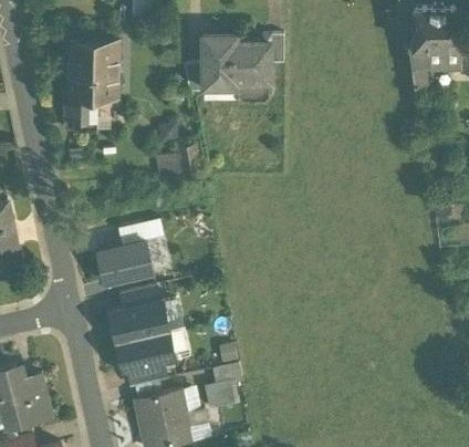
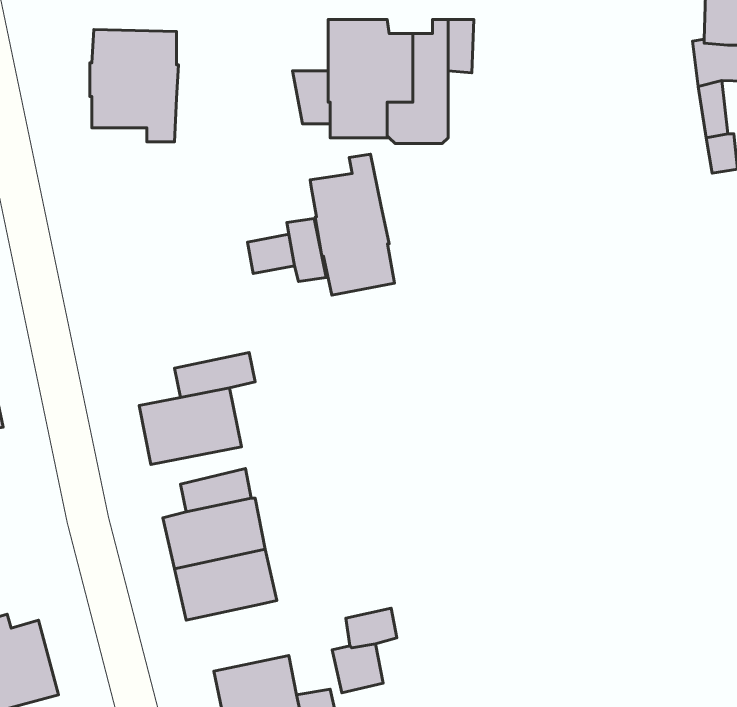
building: [65,91,96,131] -> none
building: none -> [310,154,394,295]
building: [127,362,168,387] -> none

